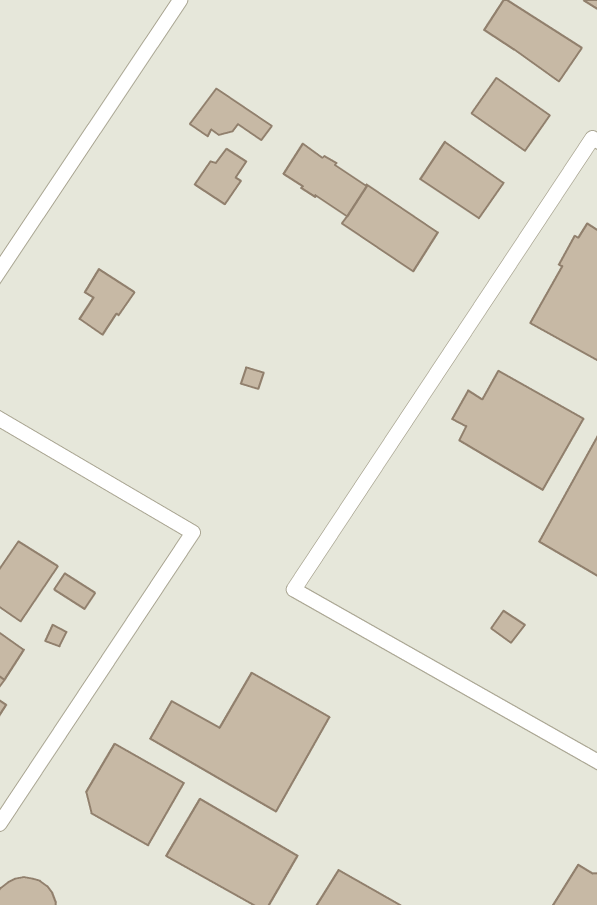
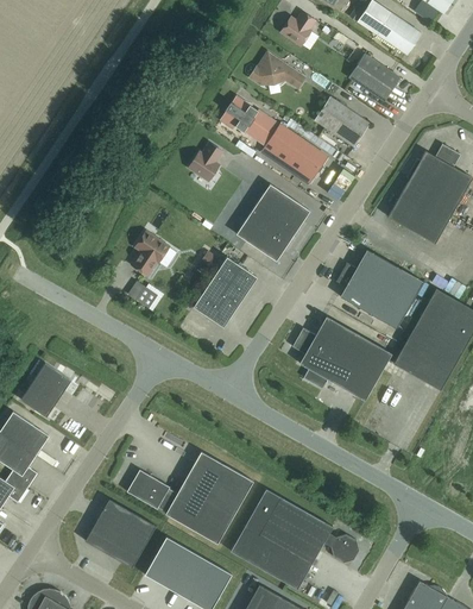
building: none -> [280,12,315,46]
building: [190,89,272,140] -> [250,54,304,88]
building: [195,149,246,204] -> [188,144,222,181]
building: [79,269,134,335] -> [132,232,169,276]
building: none -> [235,184,310,262]
building: none -> [193,257,257,327]
building: none -> [292,316,391,401]
building: none -> [229,488,359,590]

